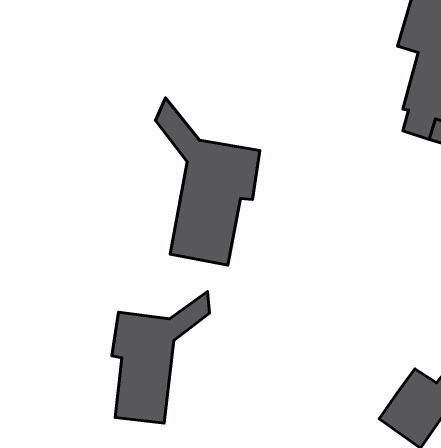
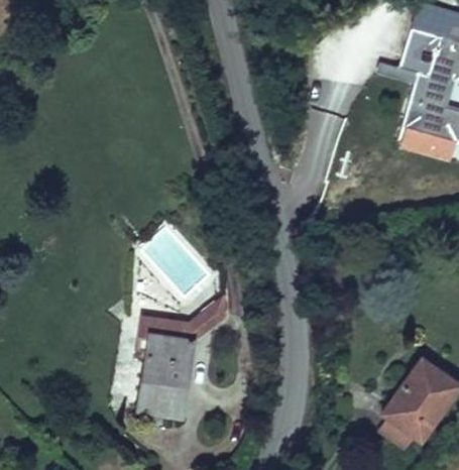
building: [155,98,260,265] -> none

